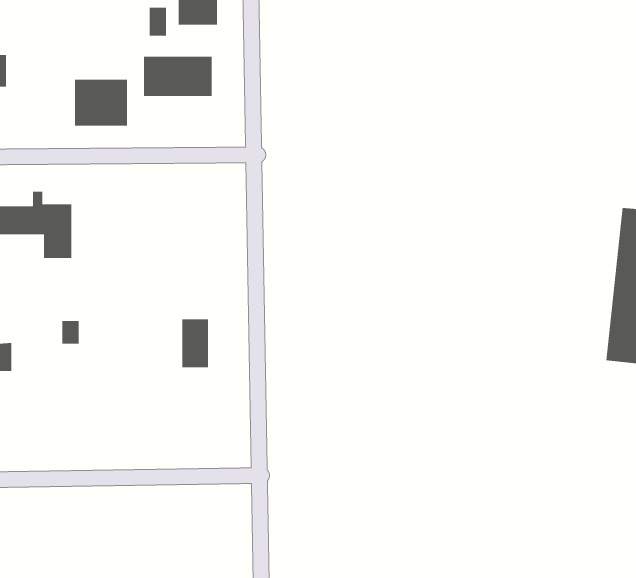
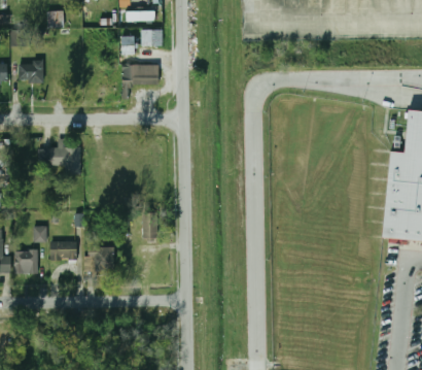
building: [75,79,127,127] -> none
building: none -> [49,241,77,260]
building: none -> [91,247,114,271]

